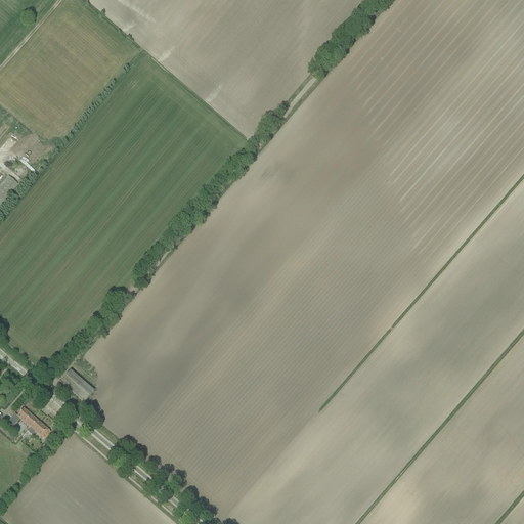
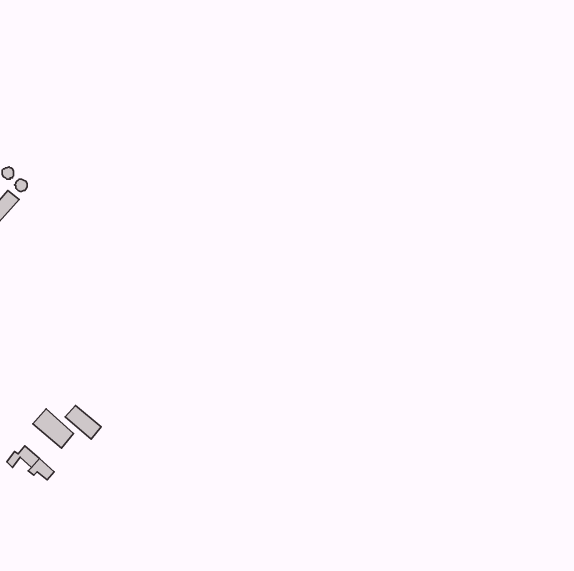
building: none -> [33,409,74,448]

